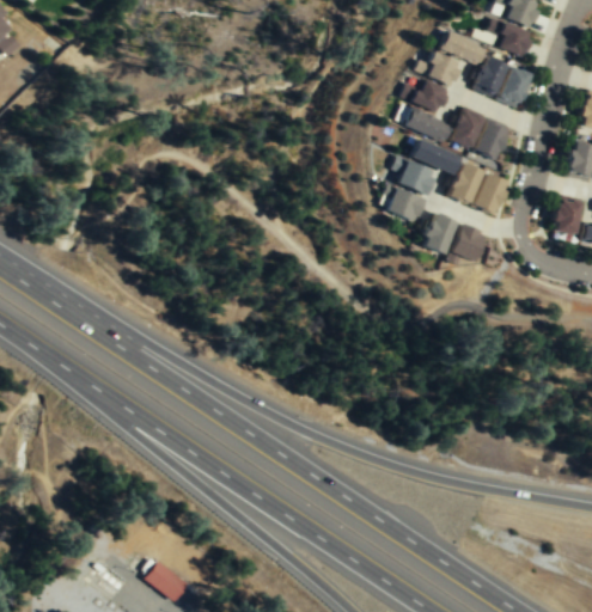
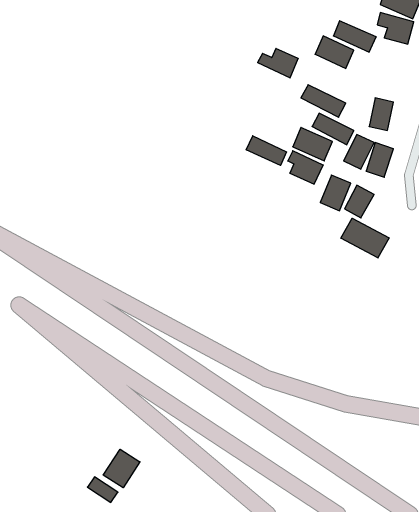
building: [478,57,533,109] -> none
building: [403,79,451,114] -> [258,48,298,78]
building: [458,112,482,147] -> none
building: none -> [246,136,286,165]
building: none -> [341,218,389,258]
building: none -> [103,449,140,488]

